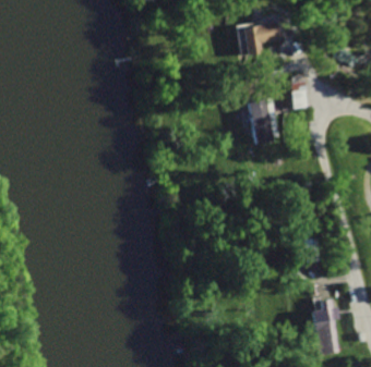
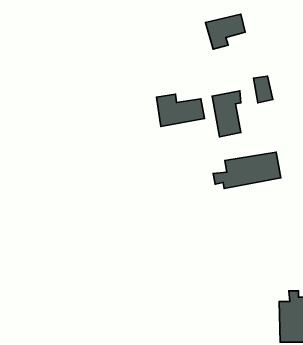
building: none -> [157,94,205,127]
building: none -> [213,152,281,188]

